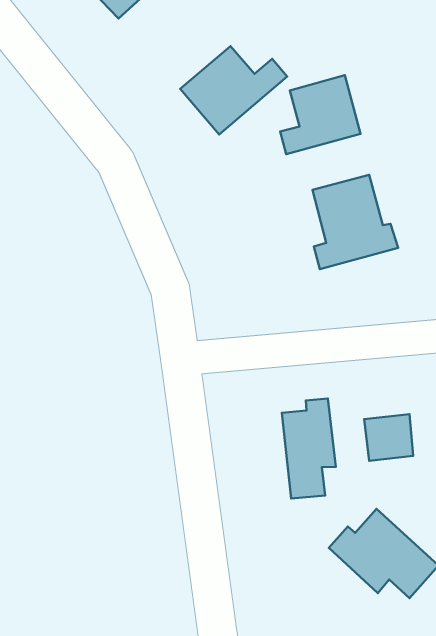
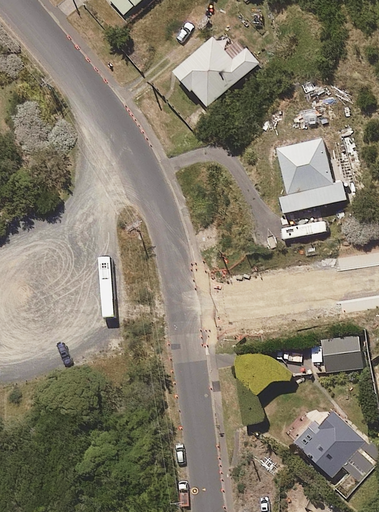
building: [280,75,361,154] -> none
building: [282,398,336,498] -> none

